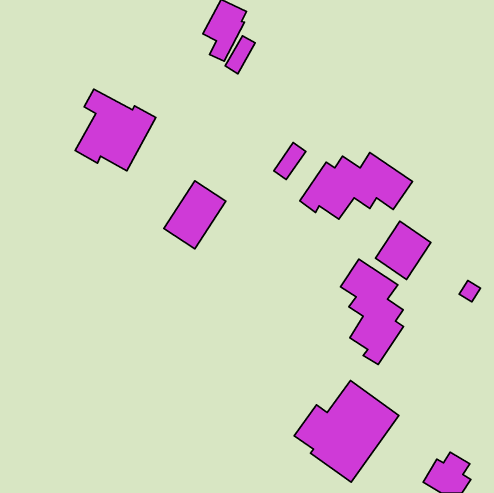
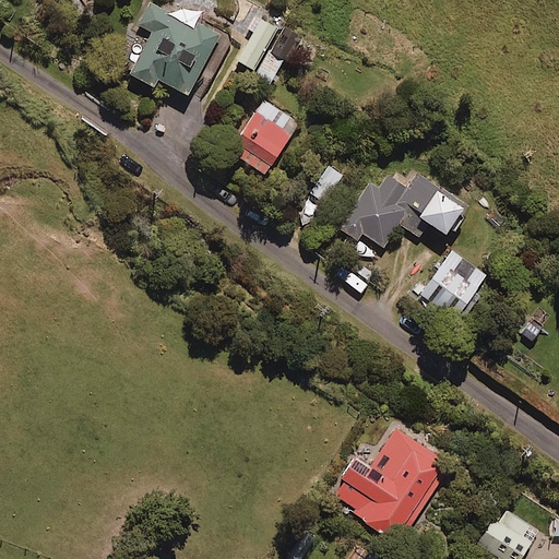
building: [75,89,156,171] -> [129,4,219,96]
building: [164,181,226,249] -> [230,97,300,174]
building: [341,259,403,364] -> none

